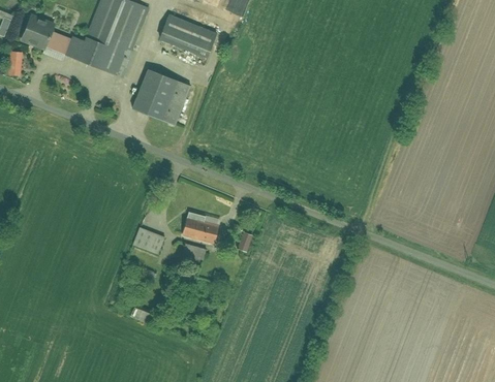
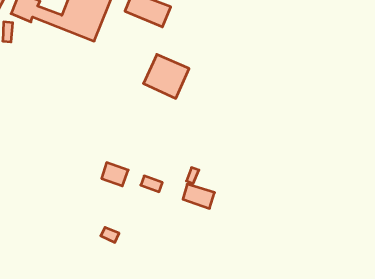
building: [132,70,189,125] -> [143,54,189,98]
building: [180,214,219,244] -> [183,184,215,208]

